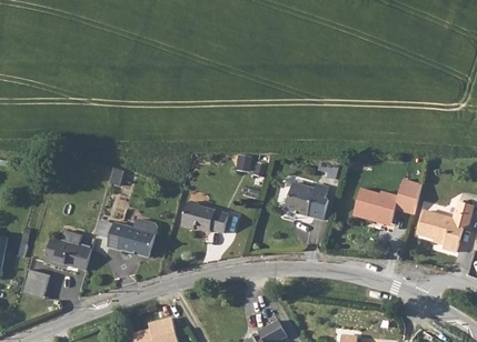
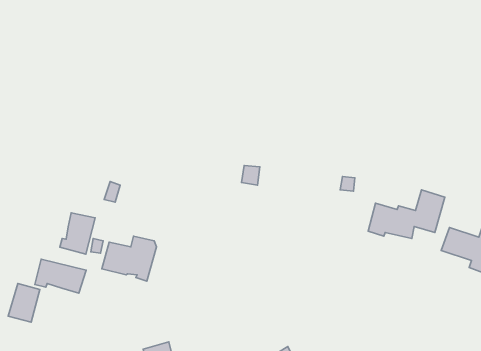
building: [287,182,331,220] -> none
building: none -> [60,213,95,254]
building: [180,200,228,233] -> none

